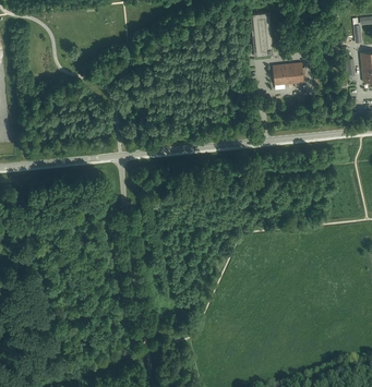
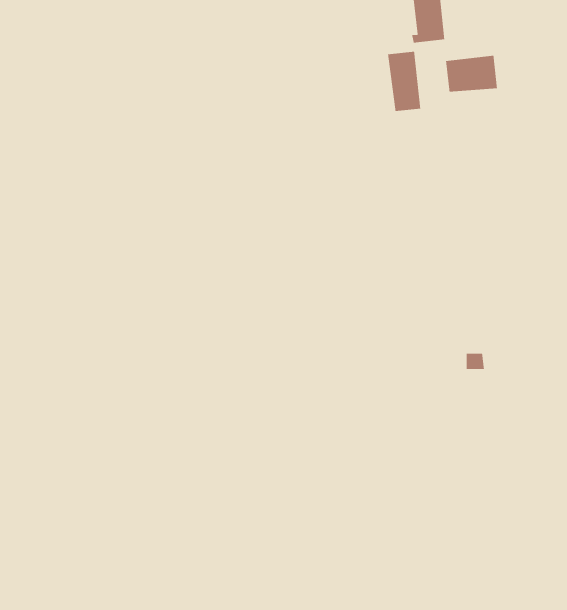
building: none -> [387,51,421,112]

